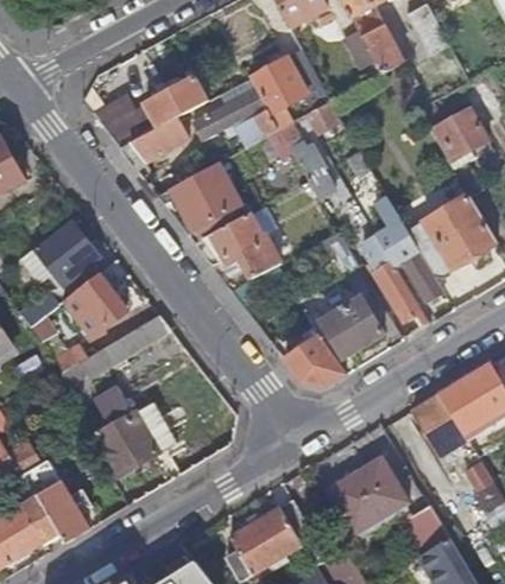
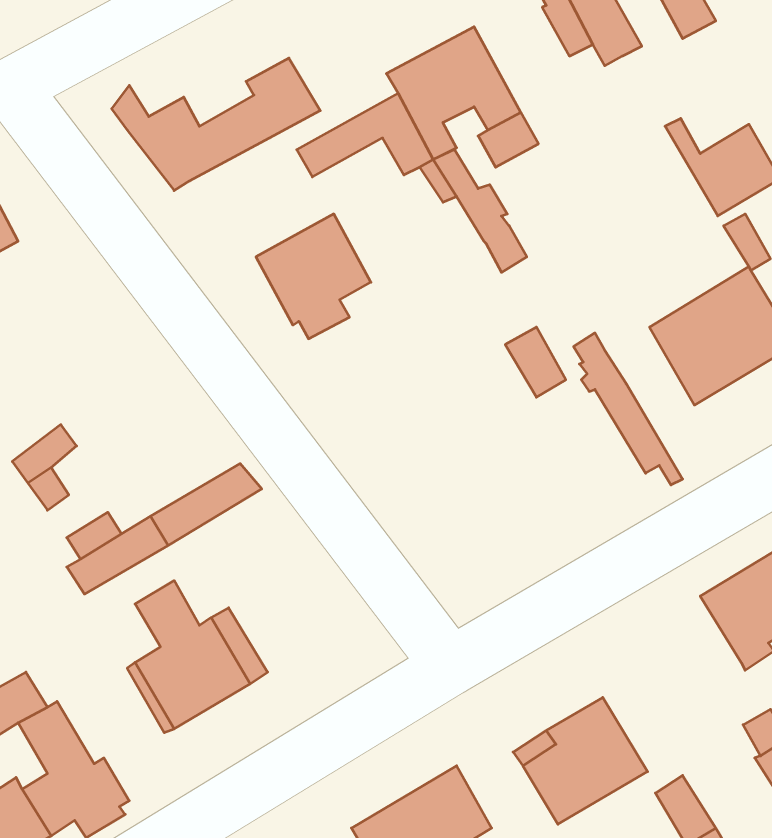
building: [128,116,188,167] -> none
building: [375,204,443,301] -> none
building: [44,212,106,274] -> none
building: [192,214,280,279] -> none
building: [64,274,126,337] -> none
building: [323,298,384,354] -> none
building: [283,337,347,386] -> none
building: [414,395,467,456] -> none

